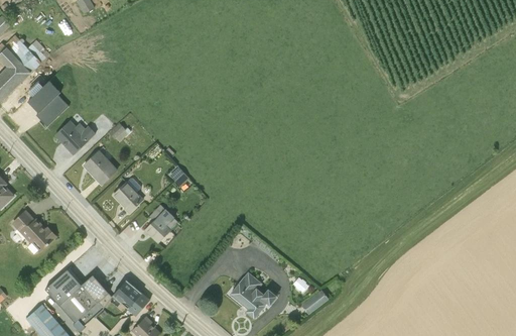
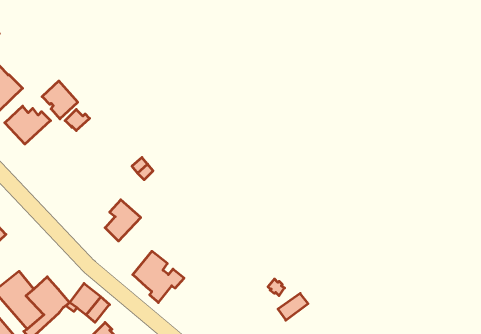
building: [85,150,117,185] -> [42,81,78,119]
building: [113,178,143,213] -> none
building: [231,271,277,318] -> [133,251,184,303]

